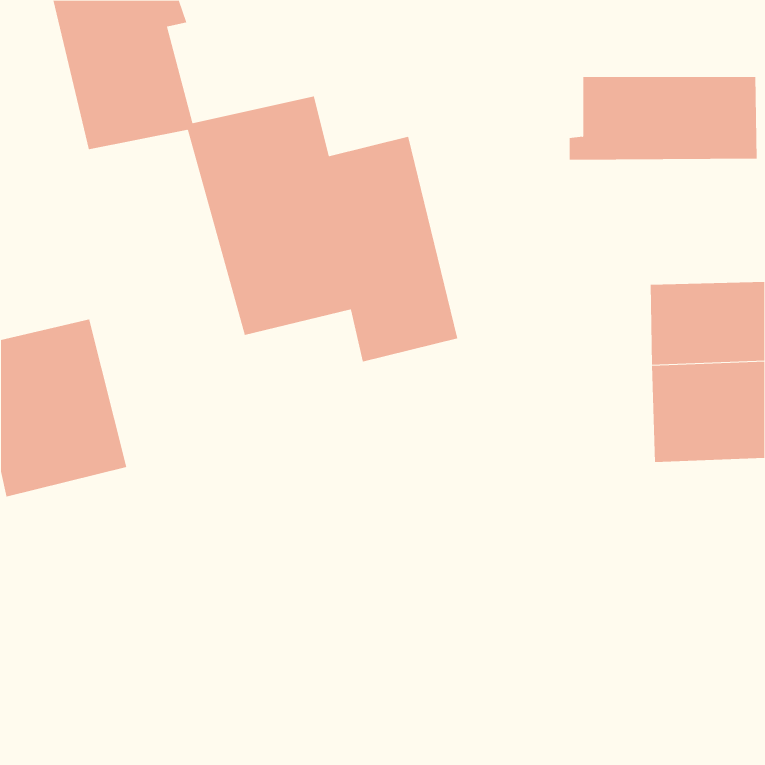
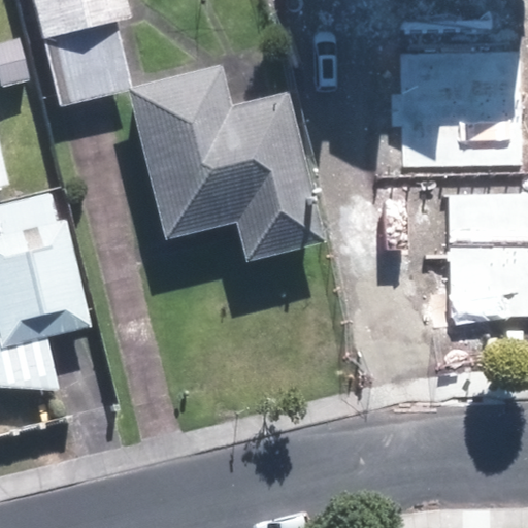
building: none -> [392,109,523,167]

